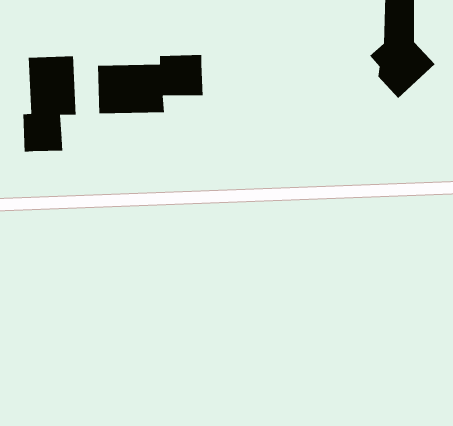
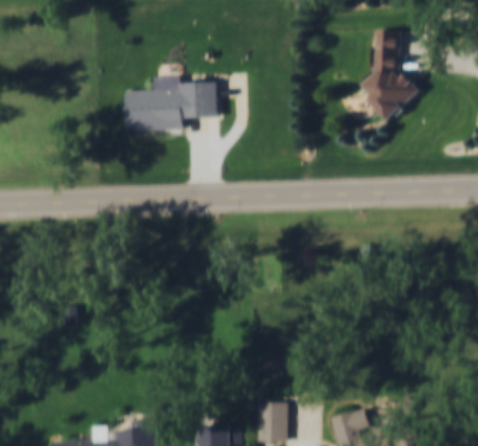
building: [23,56,76,153] -> none

